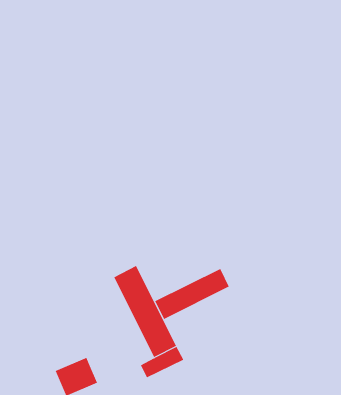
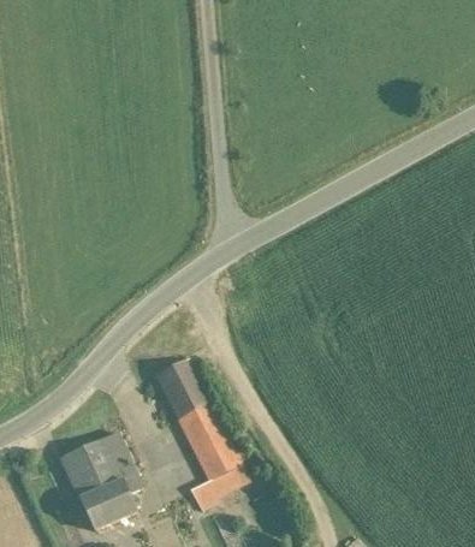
building: [155,268,230,320] -> none
building: none -> [61,432,142,497]

